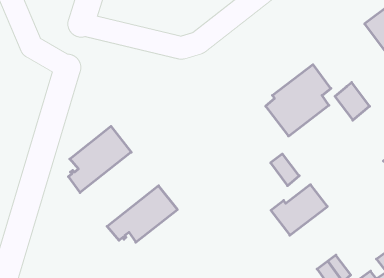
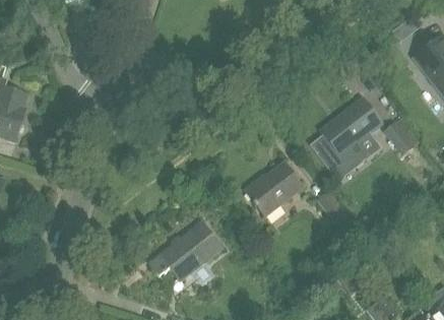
building: [68,126,131,193] -> none
building: [271,185,327,235] -> [246,164,304,215]

